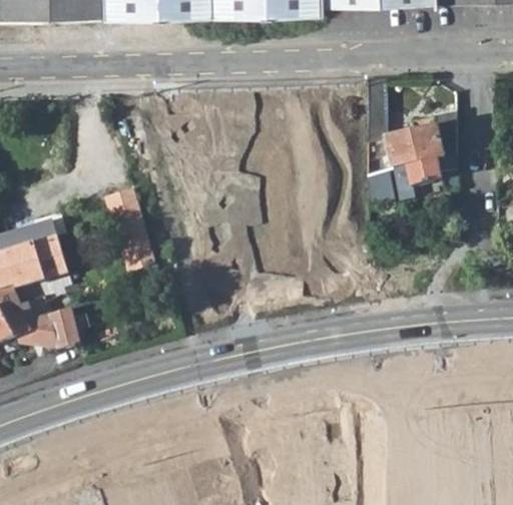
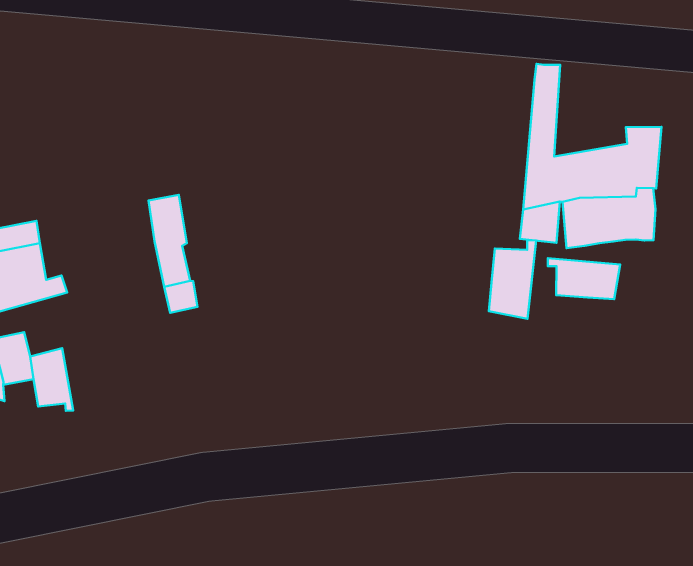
building: none -> [489,240,536,319]
building: none -> [548,258,620,299]

